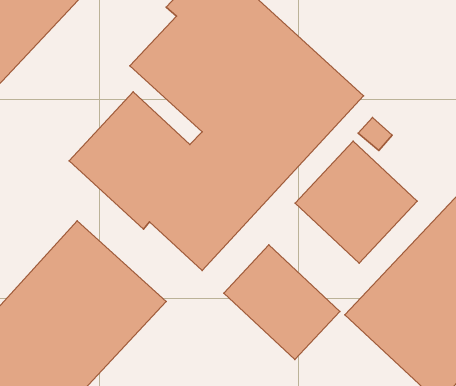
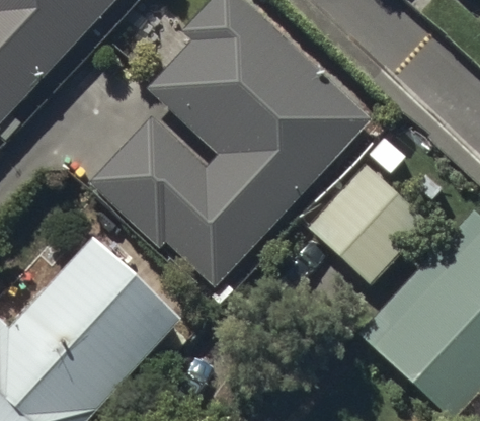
building: [224,245,340,360] -> none

